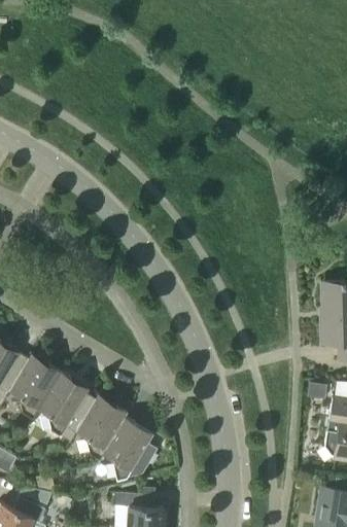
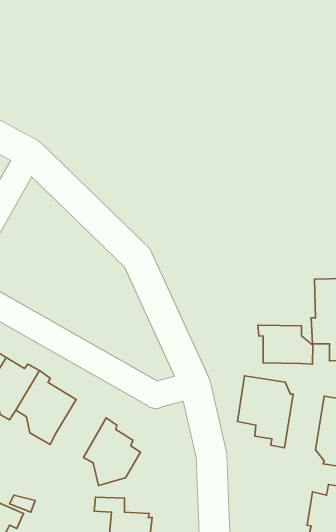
building: none -> [258,325,313,364]
building: none -> [237,376,293,448]
building: [75,397,127,457] -> none

